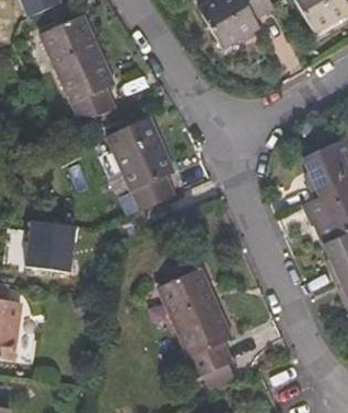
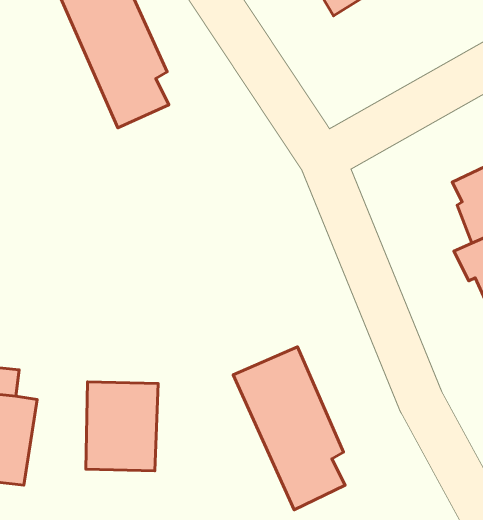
building: [107,118,175,211] -> none
building: [25,210,73,269] -> [86,382,158,471]

